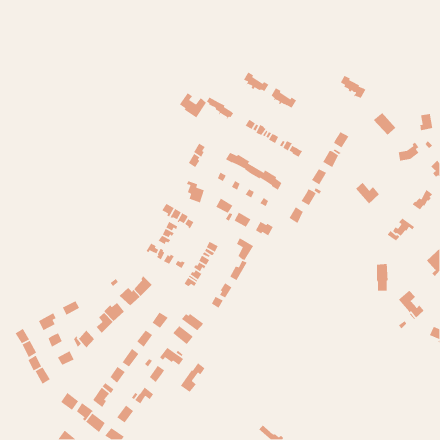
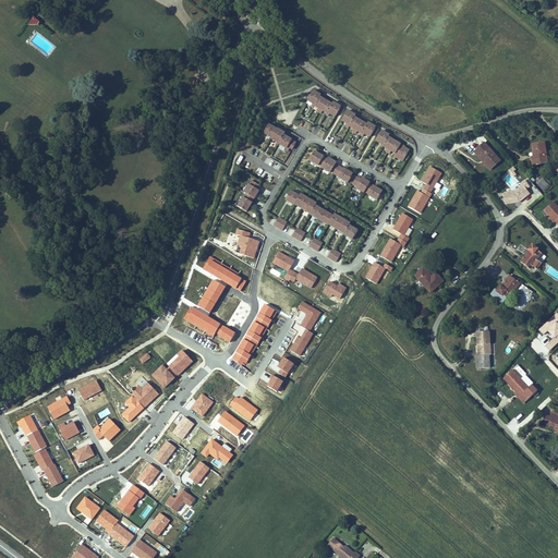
building: [340,75,366,99] -> [376,131,410,161]
building: [179,92,207,119] -> none
building: [355,182,380,204] -> [413,266,445,294]
building: [180,362,205,393] -> none

